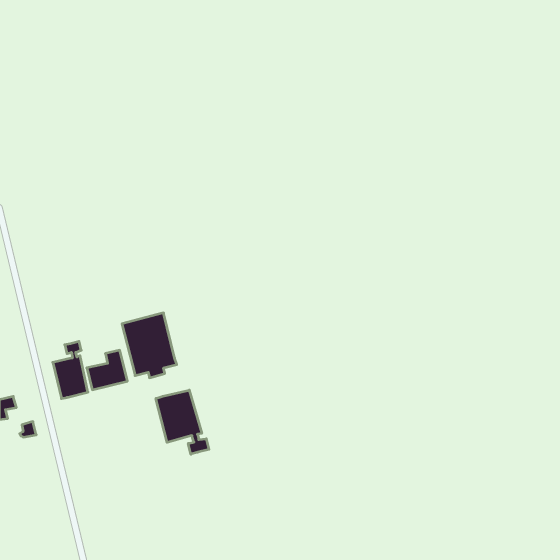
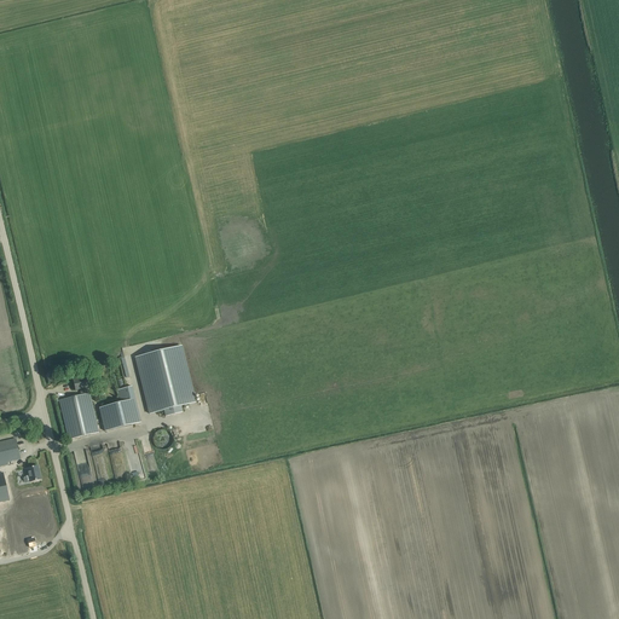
building: [156,390,209,454] -> none

